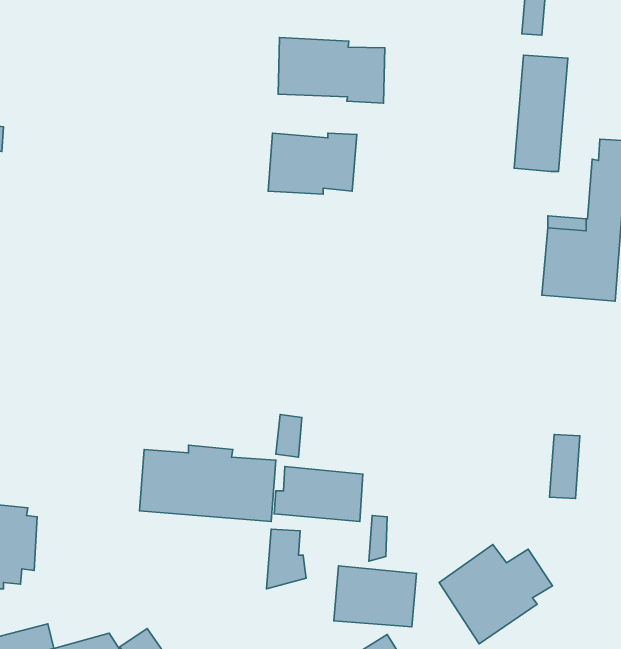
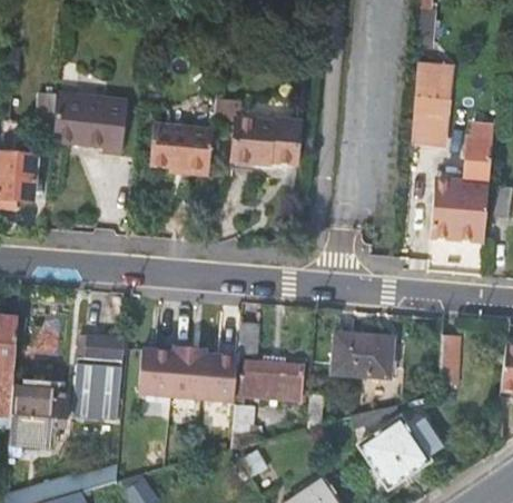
building: [278,37,385,103] -> none
building: none -> [53,93,127,150]
building: none -> [151,125,214,174]
building: none -> [73,334,126,413]
building: [334,566,416,627] -> [332,332,392,376]

